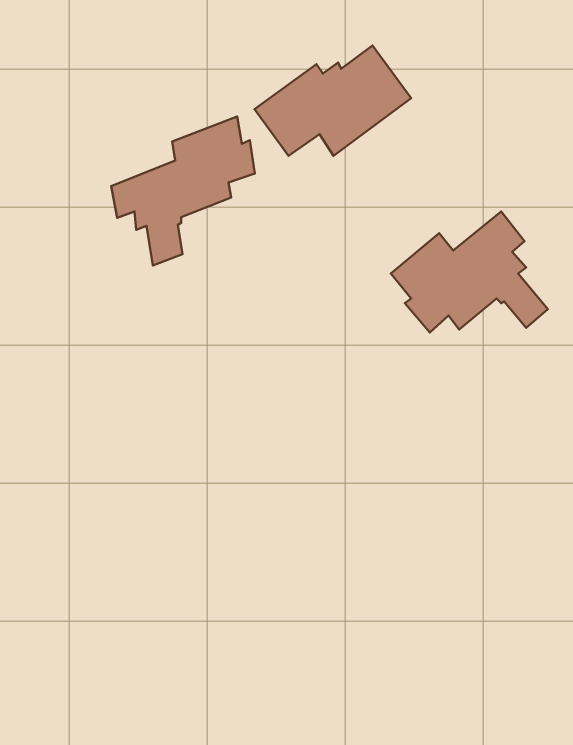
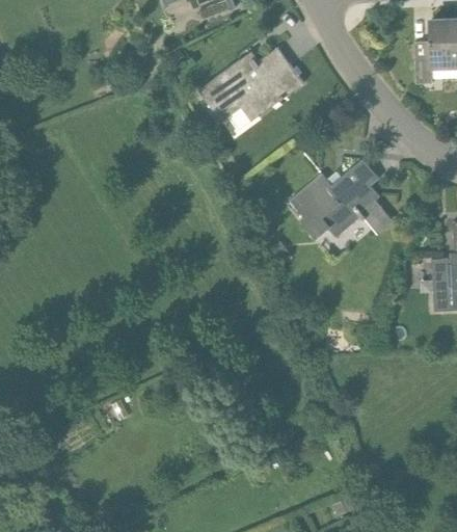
building: [111,116,255,265] -> none

